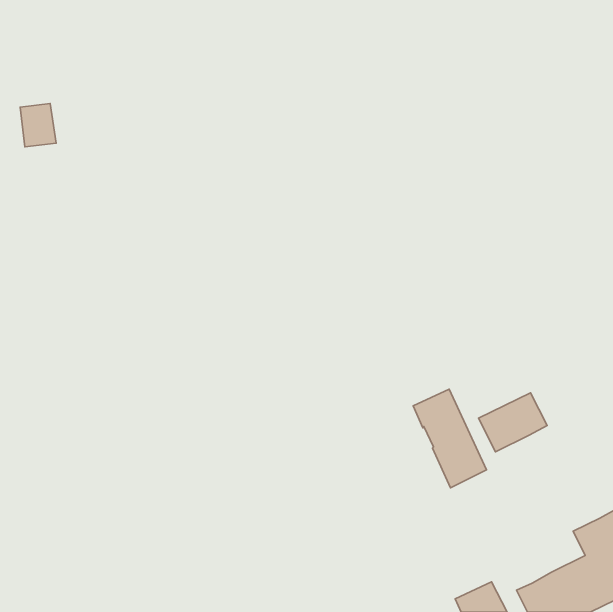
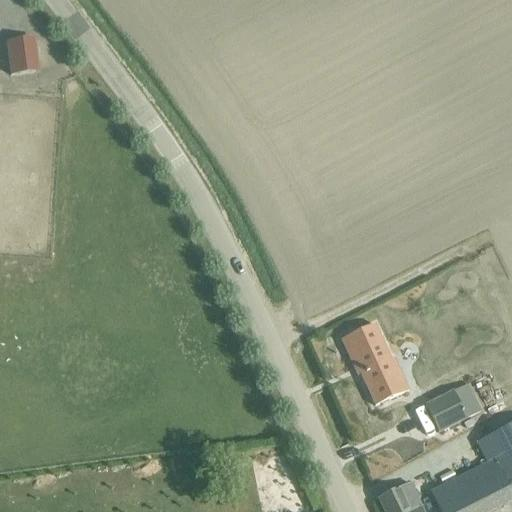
building: [20,103,56,147] -> [7,37,37,73]
building: [479,393,547,452] -> [426,382,483,431]

